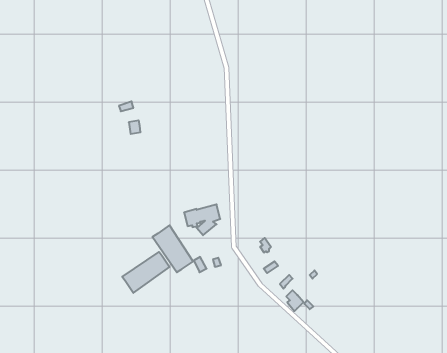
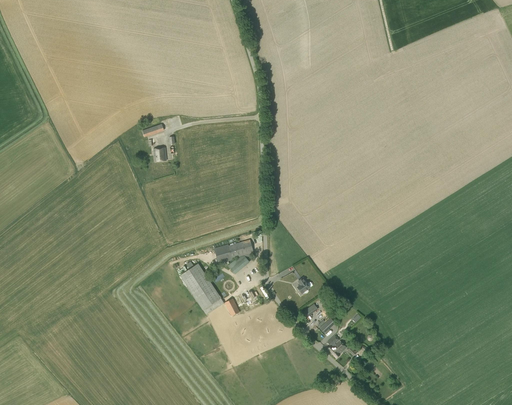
building: [122,252,170,293] -> none

